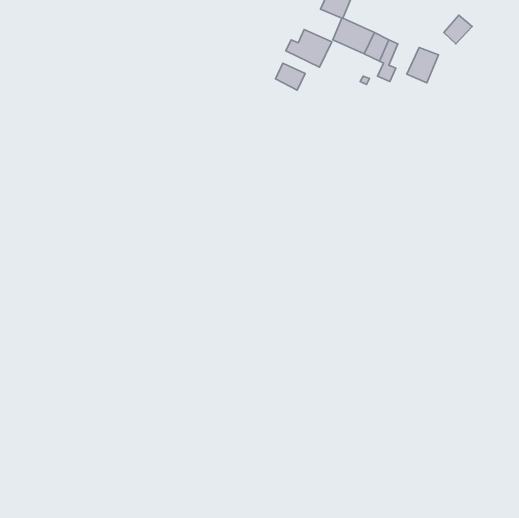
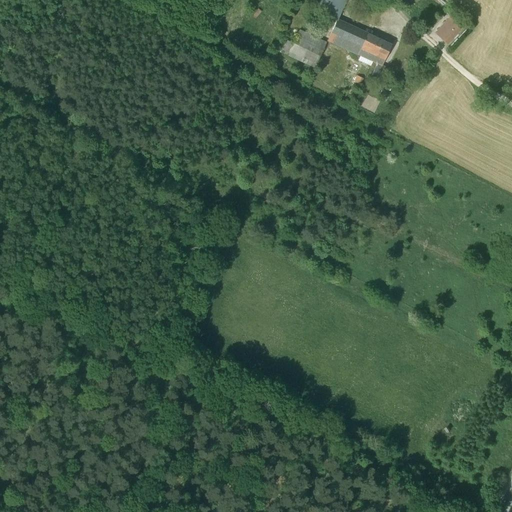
building: [407,47,438,83] -> none
building: [276,63,305,90] -> none

